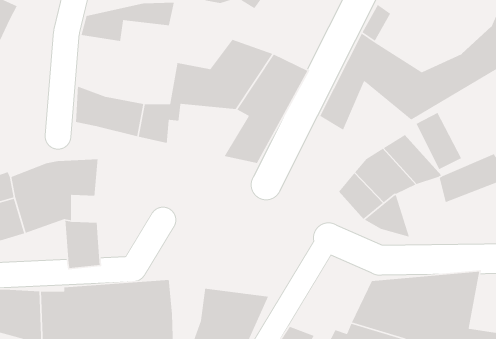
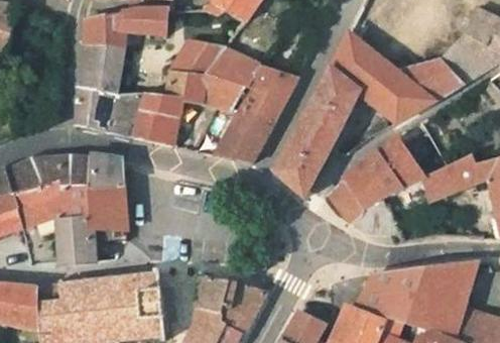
building: none -> [172,33,225,73]
building: none -> [77,41,119,99]
building: none -> [277,118,331,194]
building: none -> [73,158,135,234]

